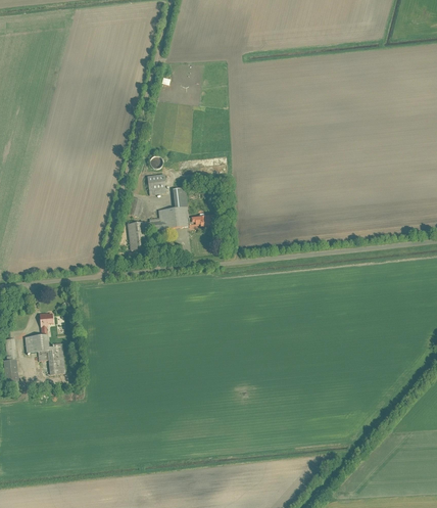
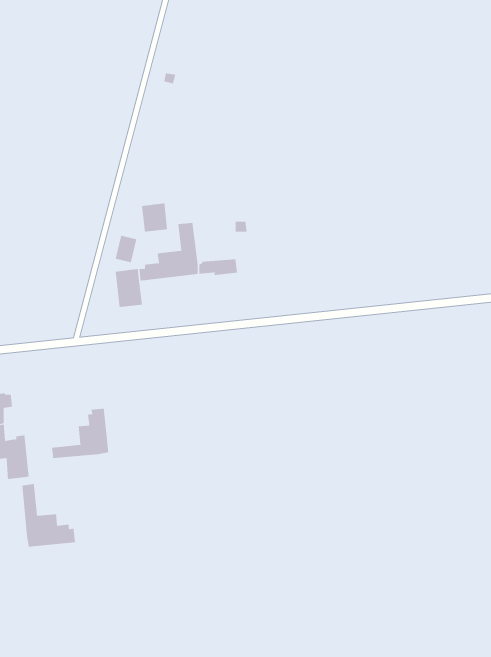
building: none -> [51,408,109,459]
building: none -> [22,483,76,547]

